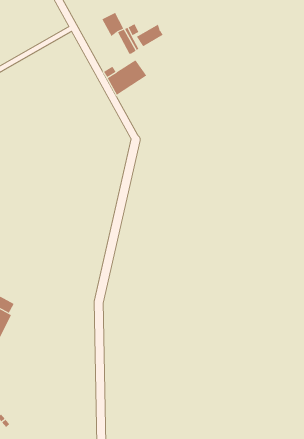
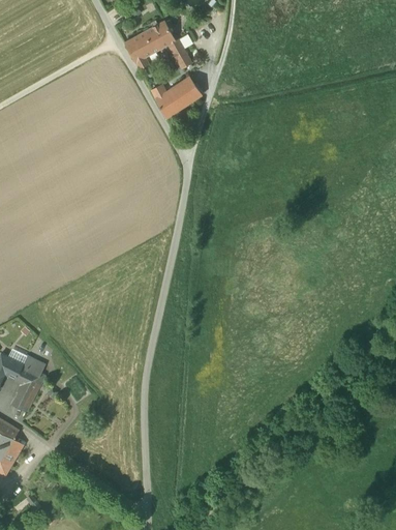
building: none -> [125,29,160,69]
building: [136,24,164,47] -> none

